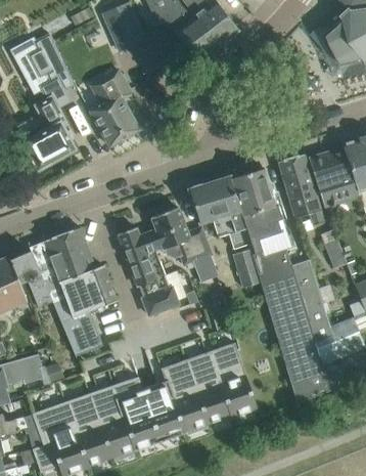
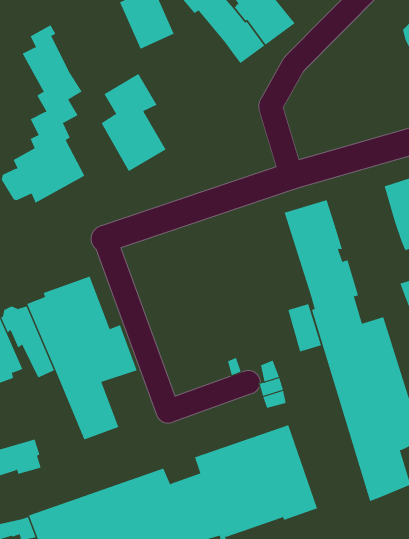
building: [278,154,323,224] -> none
building: [189,177,250,249] -> none
building: [118,207,218,317] -> none

